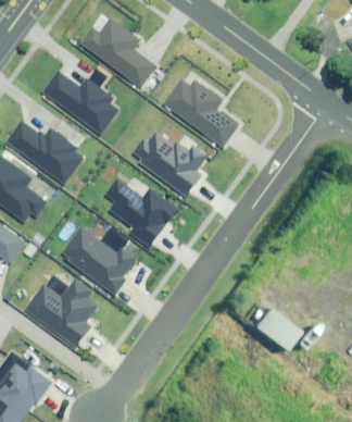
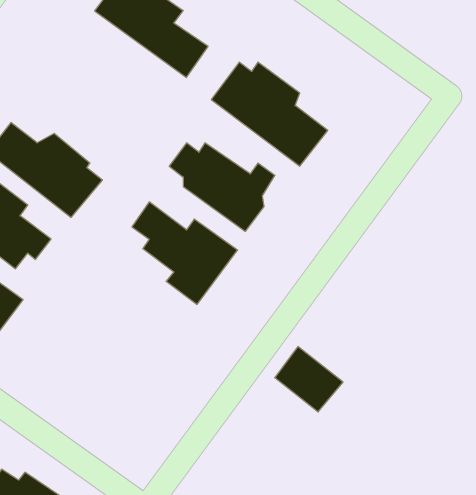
building: [43,70,121,135] -> none
building: [64,227,136,296] -> none
building: [29,278,100,339] -> none
building: [253,306,301,351] -> [275,347,343,412]

